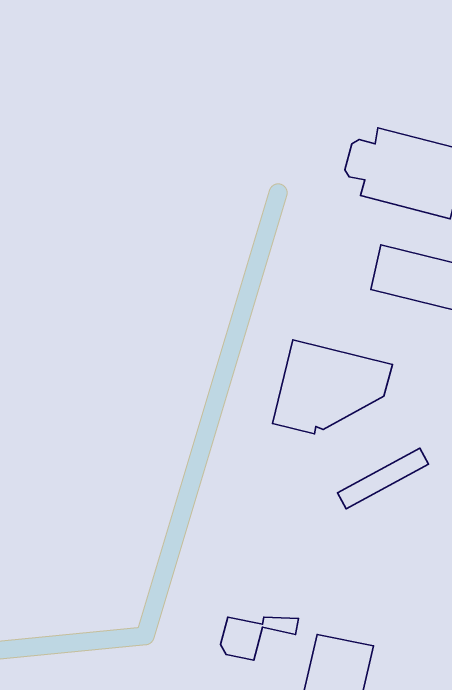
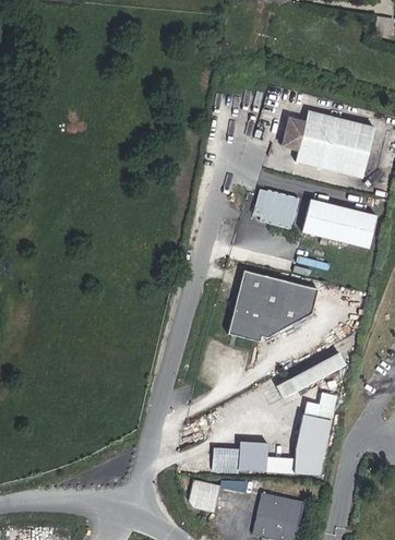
building: none -> [253,189,299,229]
building: none -> [213,391,336,473]

